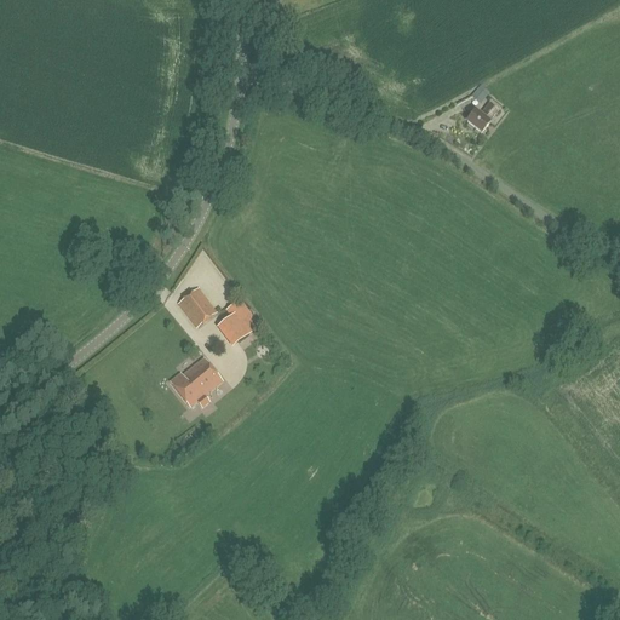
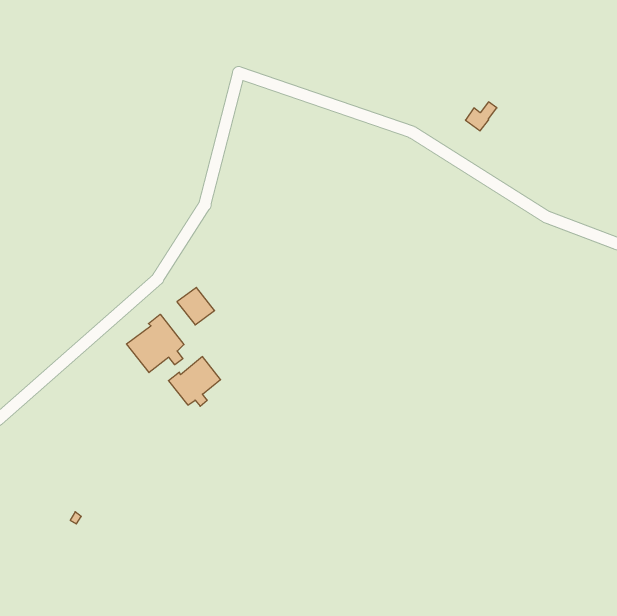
building: [224,297,258,337] -> none
building: none -> [126,314,184,373]

